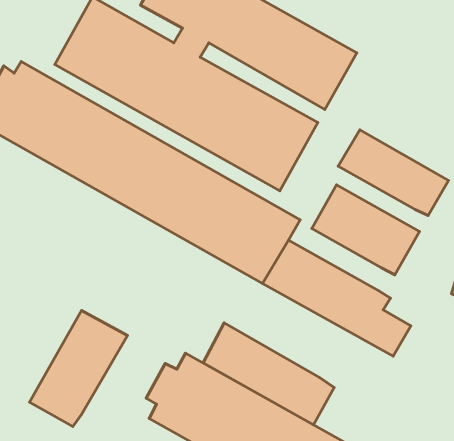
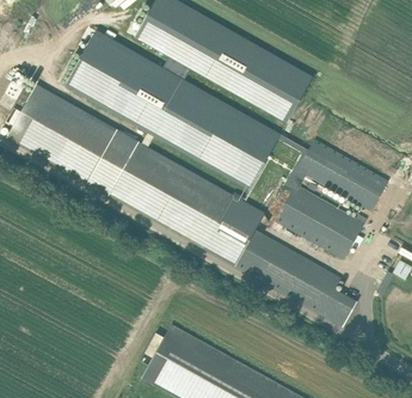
building: [29,310,127,427] -> none
building: [203,323,334,425] -> none

